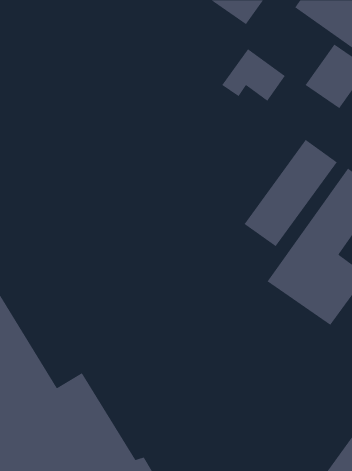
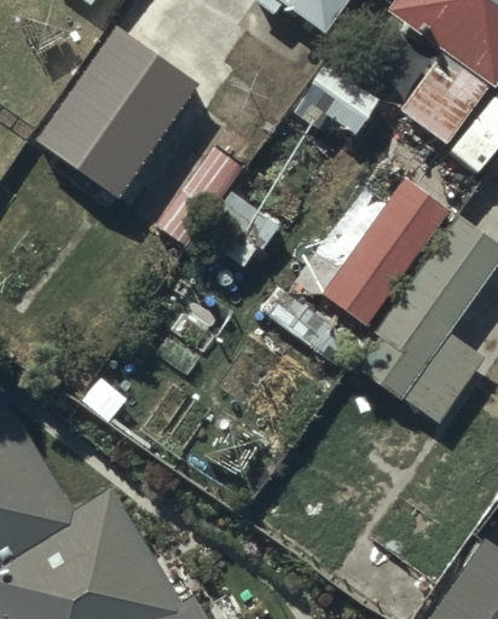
building: none -> [36,28,197,197]

